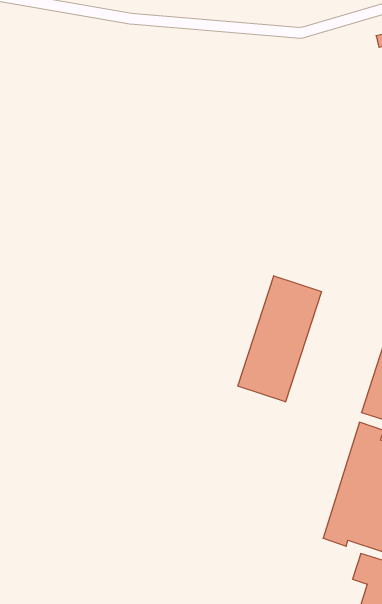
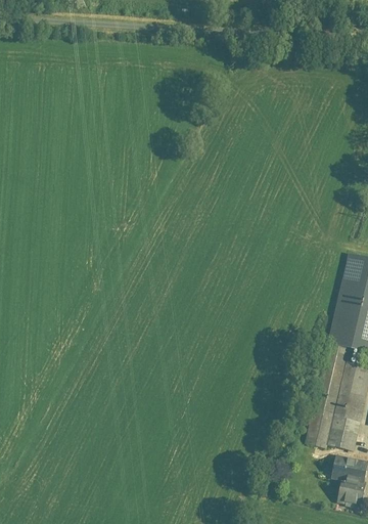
building: [238,276,321,402] -> none

